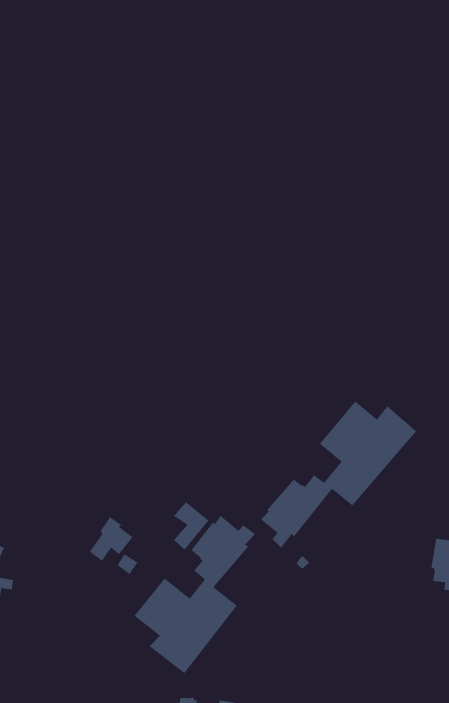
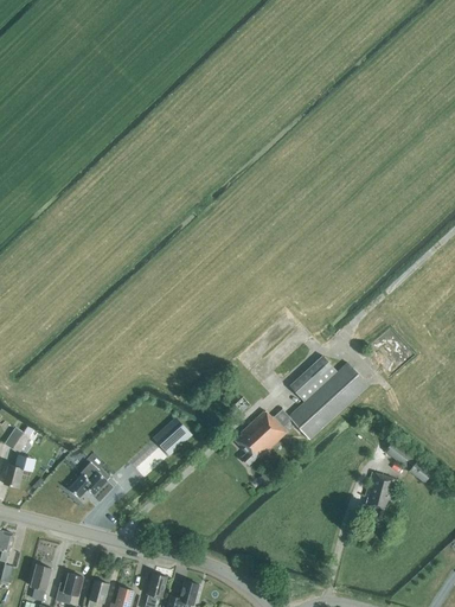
building: [134,515,256,674] -> none
building: [89,516,133,562] -> [69,461,105,497]

